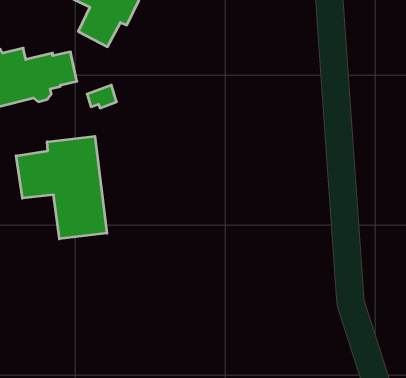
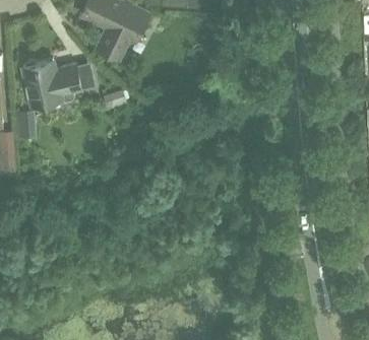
building: [16,136,107,239] -> none

